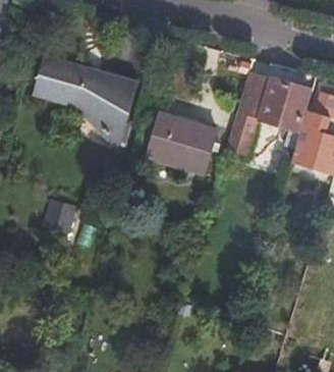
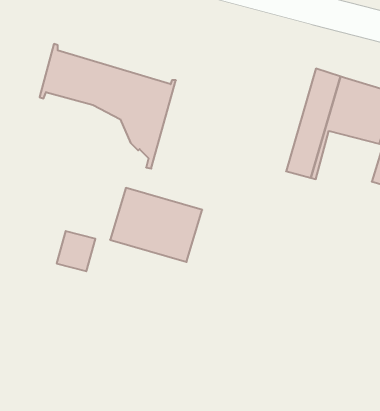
building: [148,113,220,171] -> [110,188,202,262]

